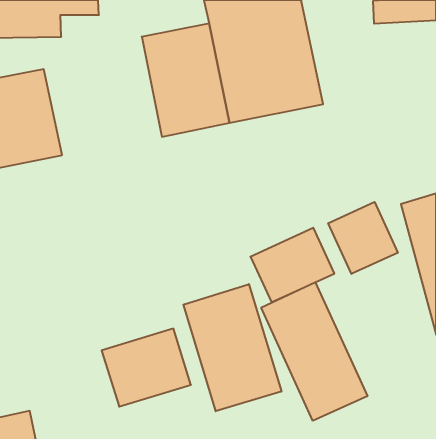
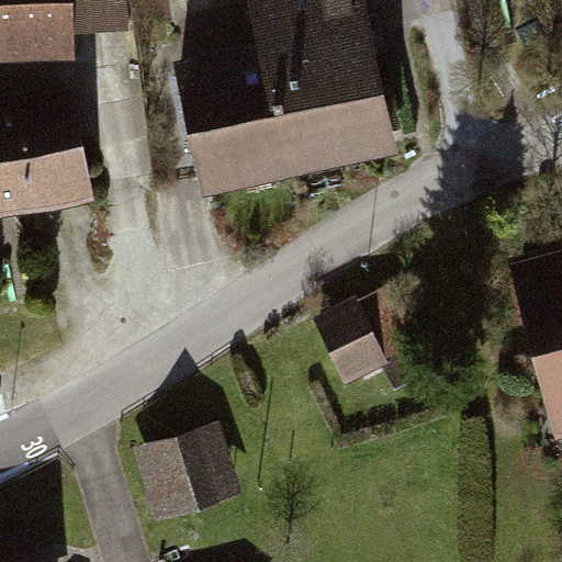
building: [328,202,398,274] -> none
building: [261,282,367,421] -> none
building: [183,284,281,411] -> none

